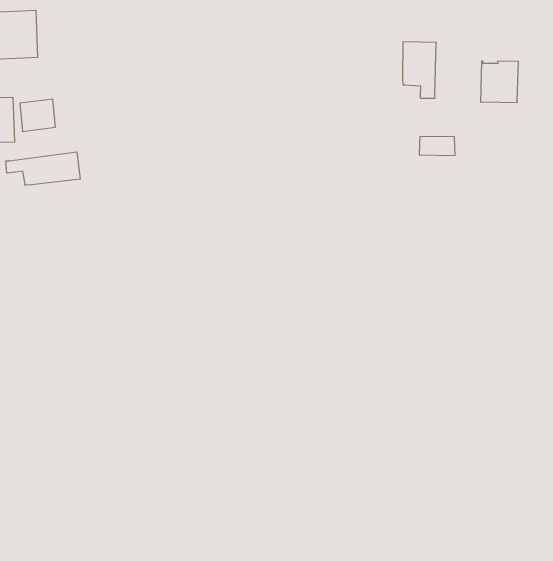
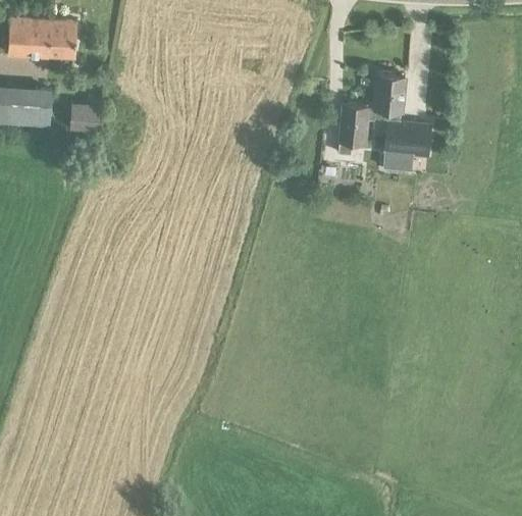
building: [480,61,519,102] -> [383,120,418,157]
building: none -> [338,105,376,153]
building: [6,152,80,185] -> none

